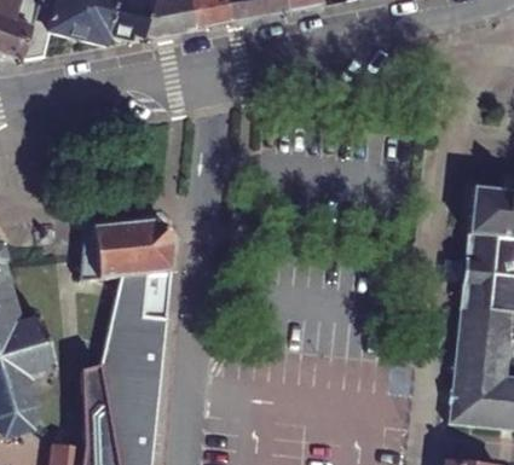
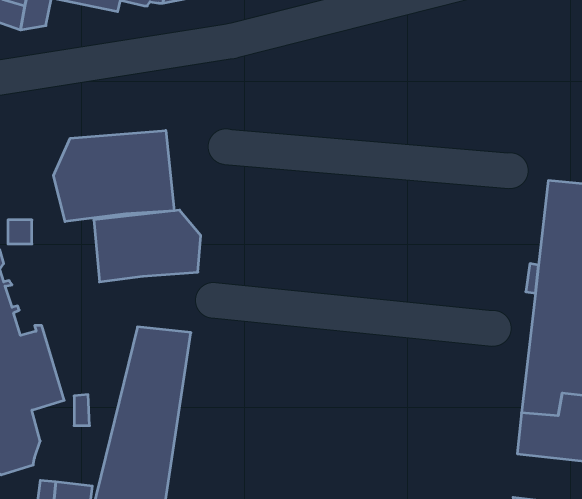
building: none -> [53,130,174,222]
building: [125,266,177,318] -> none

